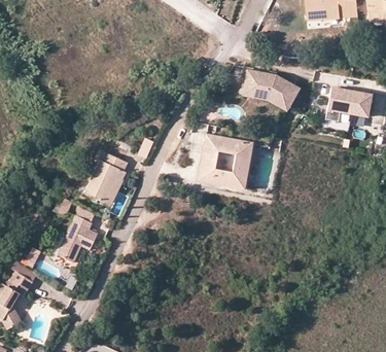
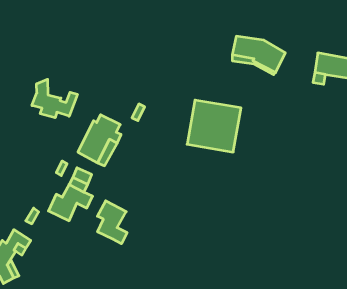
building: none -> [32,79,77,118]
building: none -> [97,201,127,244]

